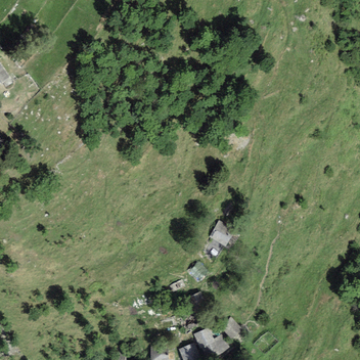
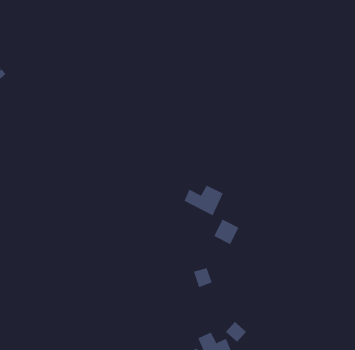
building: none -> [184,185,223,216]

